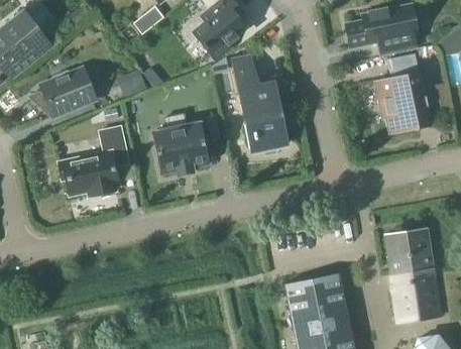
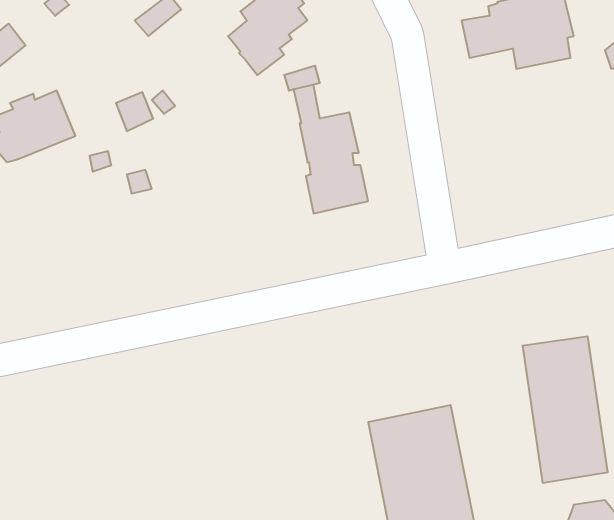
building: [373,52,432,134] -> none
building: [152,113,209,174] -> none
building: [59,126,126,196] -> none

